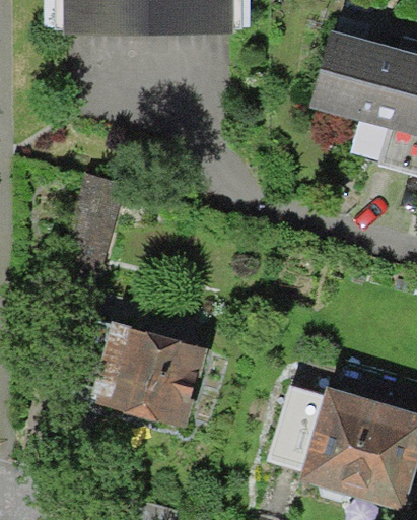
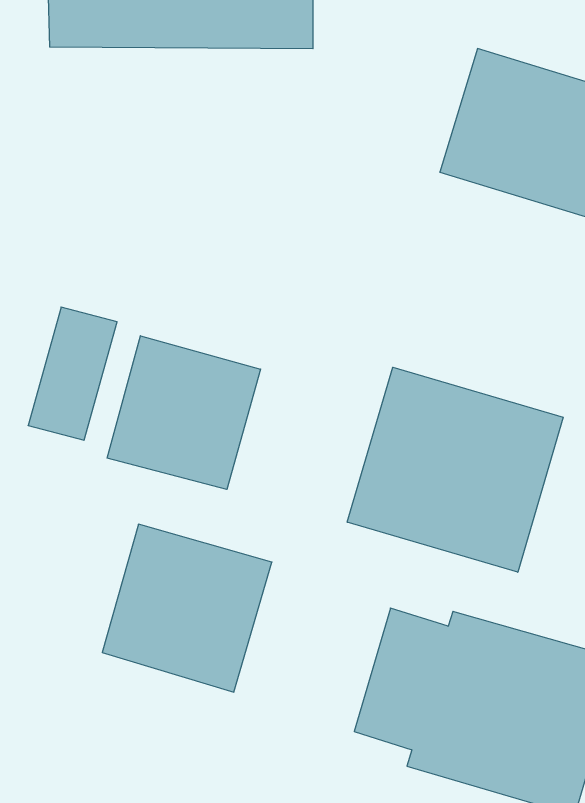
building: none -> [107,336,261,489]
building: none -> [347,367,563,572]

